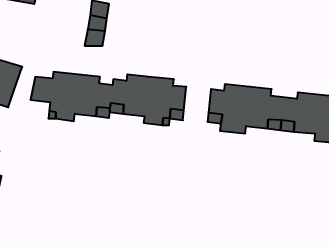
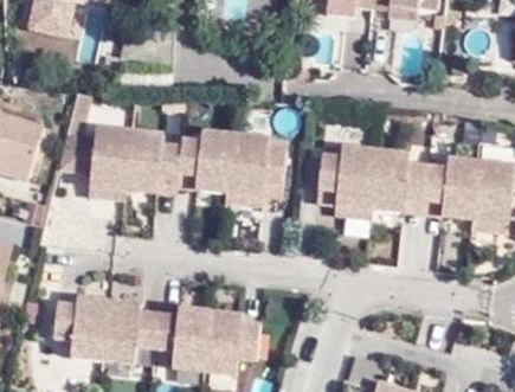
building: none -> [52,300,259,372]

